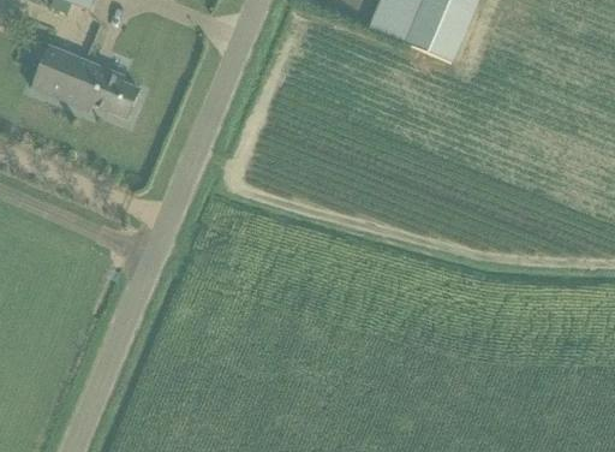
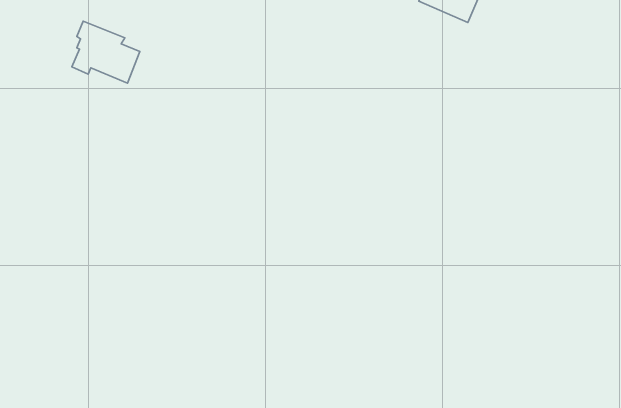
building: [31,44,84,102] -> none

